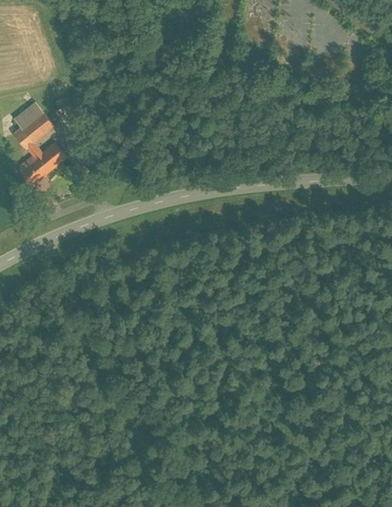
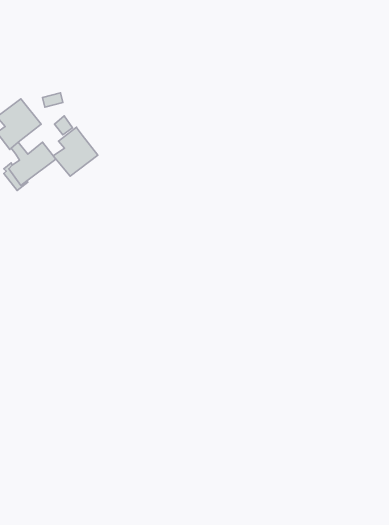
building: none -> [53,127,98,176]

